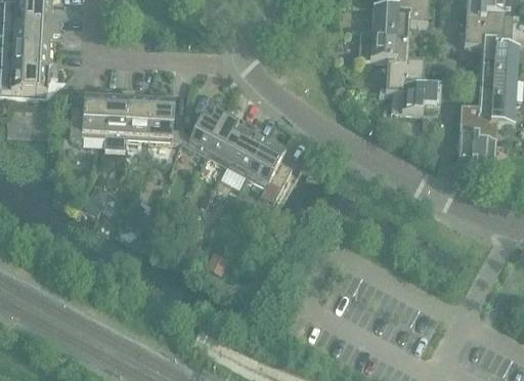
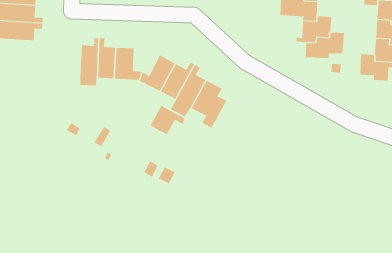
building: [68,93,106,140] -> none
building: [457,132,496,167] -> none
building: none -> [150,105,185,135]

